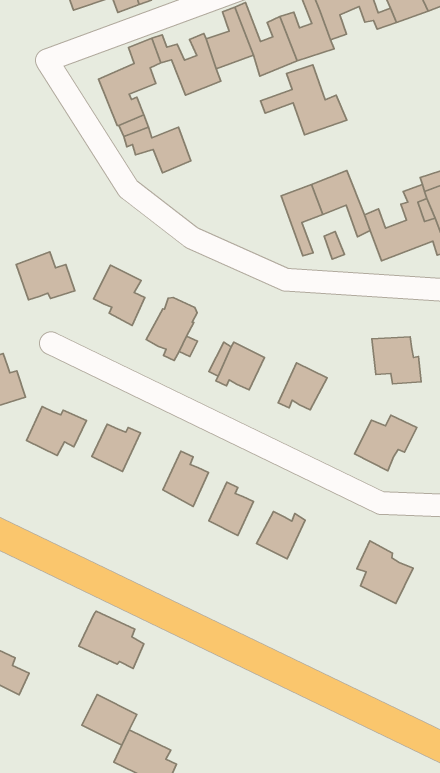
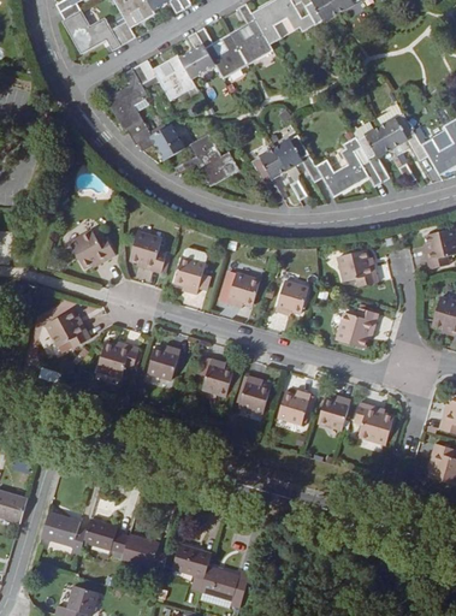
building: [261,65,347,135] -> [176,134,241,185]
building: none -> [318,396,351,428]
building: [79,611,144,669] -> [122,535,168,573]

